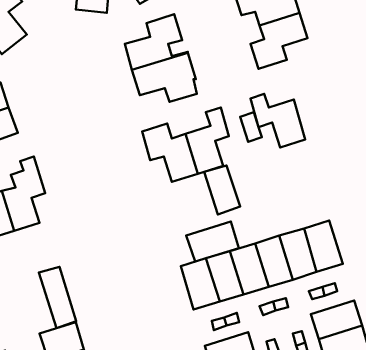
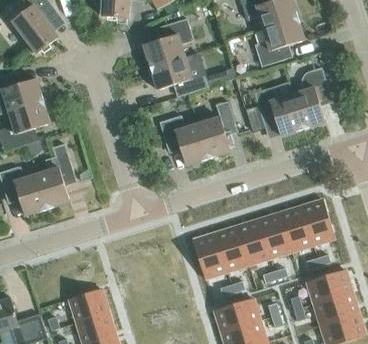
building: none -> [292,67,330,128]
building: [204,165,240,215] -> none
building: [186,221,239,262] -> none
building: [39,267,76,328] -> none

